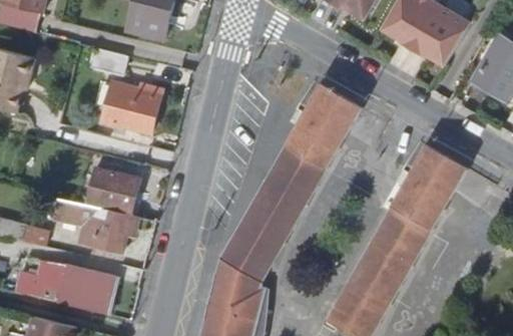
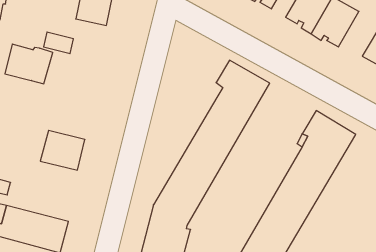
building: [101,85,159,133] -> [5,44,53,84]
building: [54,197,128,252] -> none

